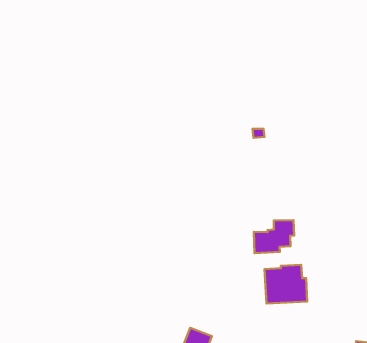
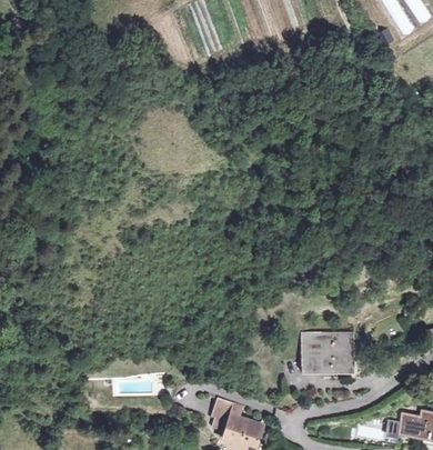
building: [254,220,294,253] -> none

